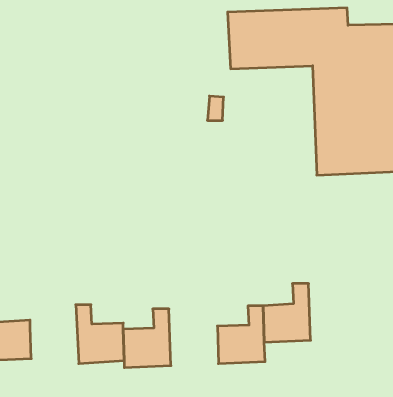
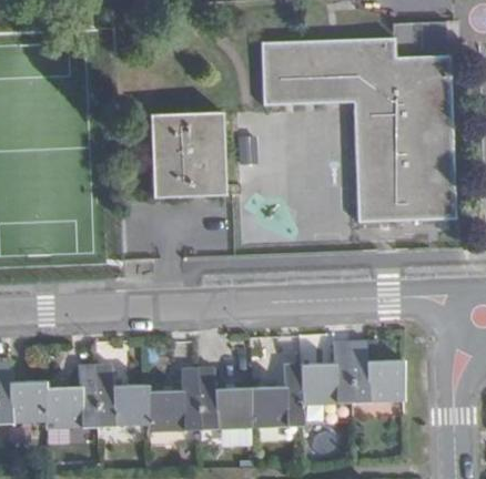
building: none -> [150,110,225,196]
building: none -> [351,338,405,401]
building: none -> [45,363,99,429]
building: none -> [198,366,252,429]

